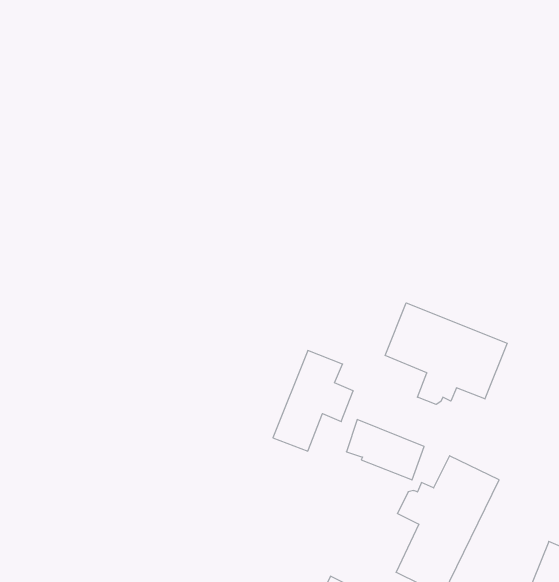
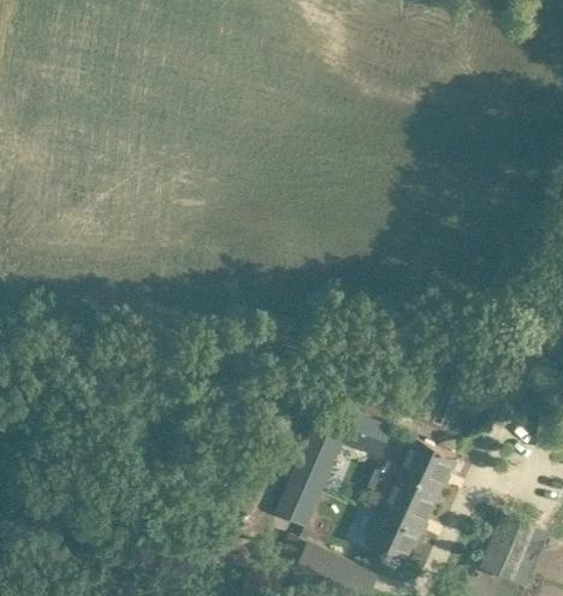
building: [385,303,507,404] -> none
building: [273,351,353,451] -> [275,438,348,529]

